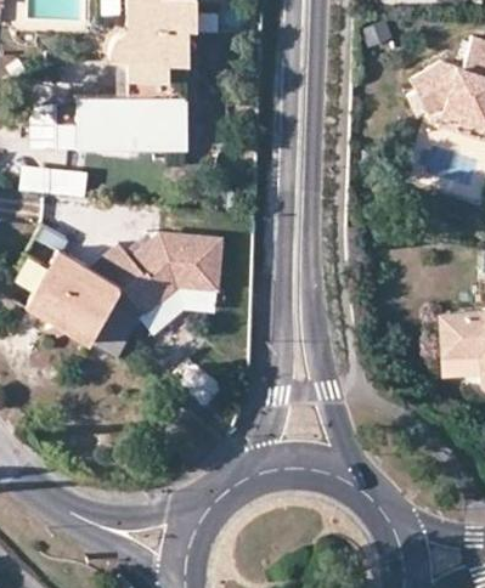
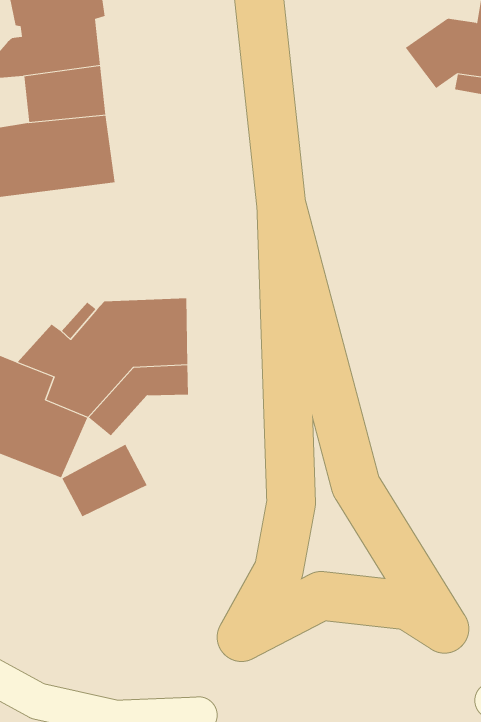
building: none -> [62,444,148,517]

